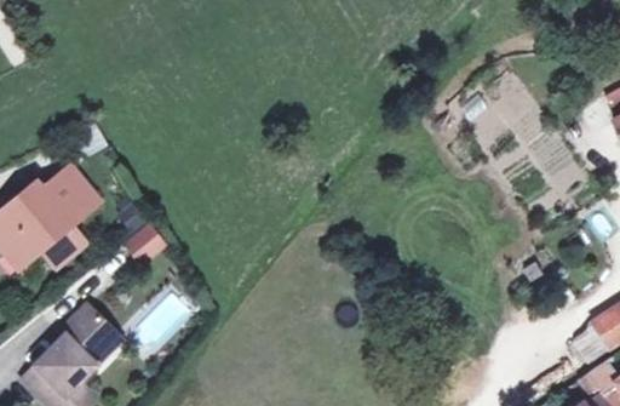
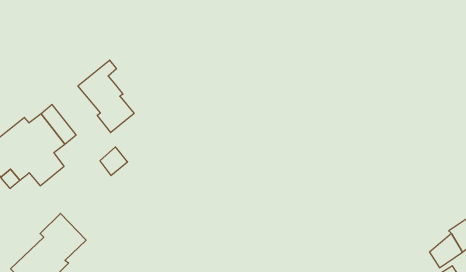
building: none -> [78,60,134,133]

